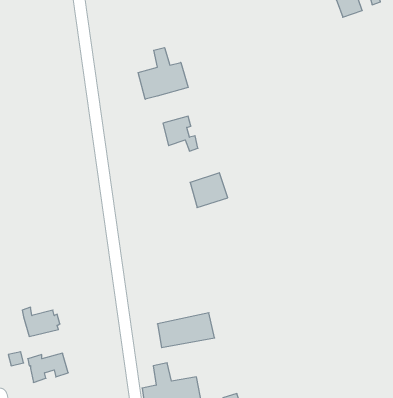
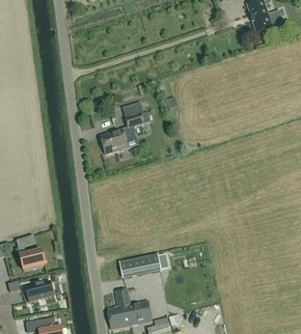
building: [138,48,188,99] -> none
building: [190,173,228,208] -> [101,129,129,155]

